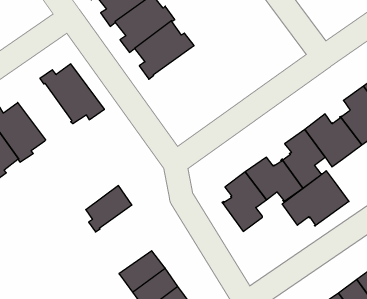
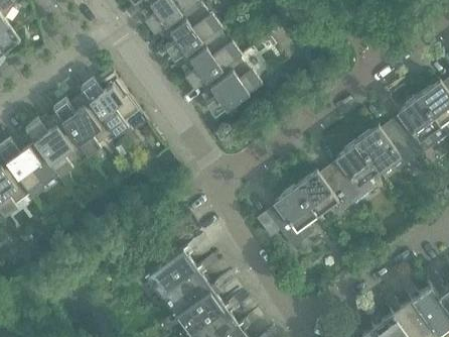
building: none -> [199,55,262,116]
building: none -> [52,93,114,155]
building: [282,171,349,226] -> none
building: [86,186,132,232] -> [149,248,197,297]

